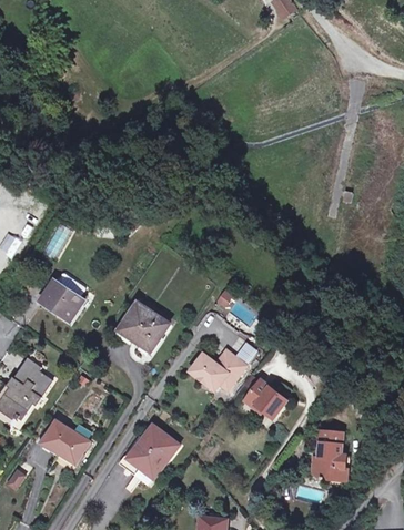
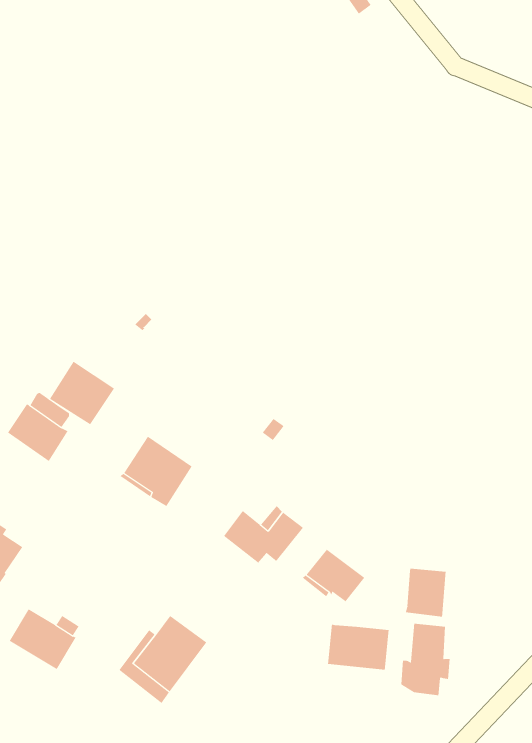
building: none -> [49,361,115,425]
building: none -> [405,568,446,617]
building: none -> [327,624,389,670]

